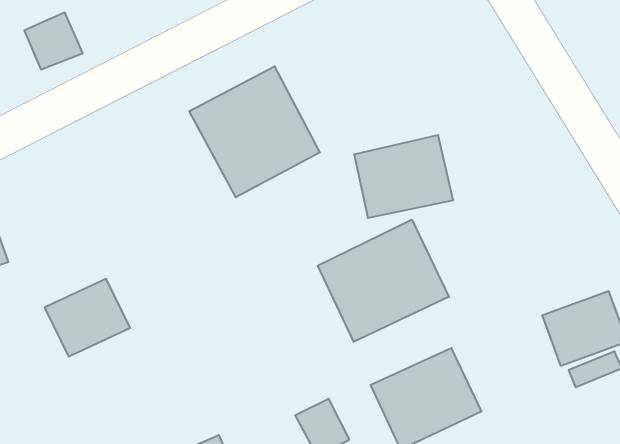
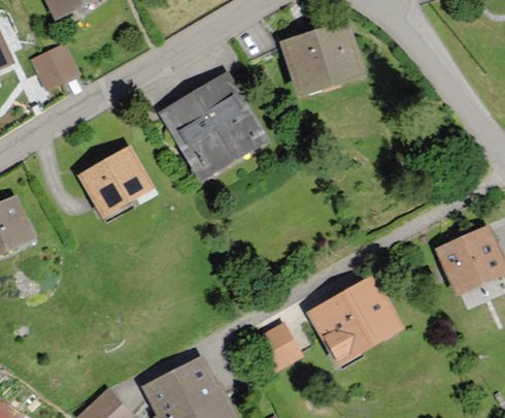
building: [354,135,453,218] -> [284,25,362,91]
building: [318,220,449,342] -> none
building: [45,279,130,357] -> [82,152,148,213]

